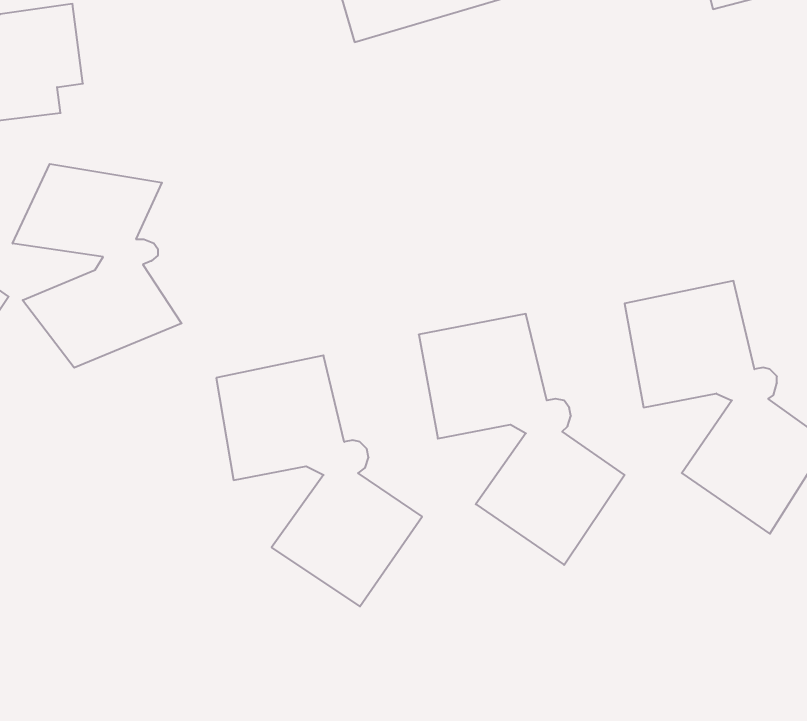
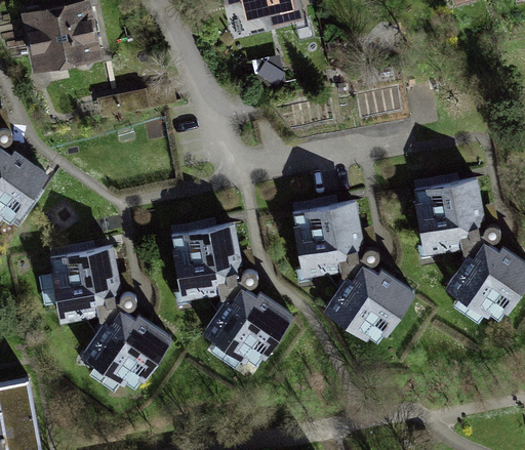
building: [13,164,182,368] -> none
building: none -> [47,240,169,390]

